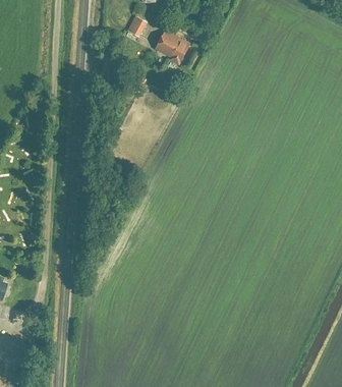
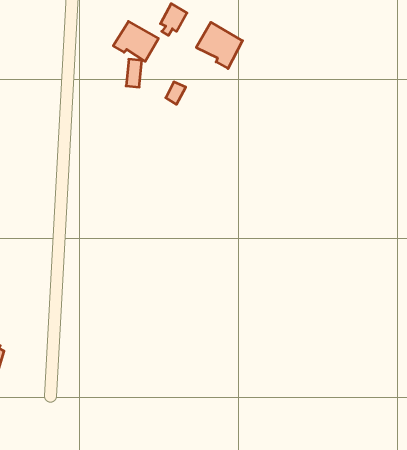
building: none -> [113,21,158,61]

